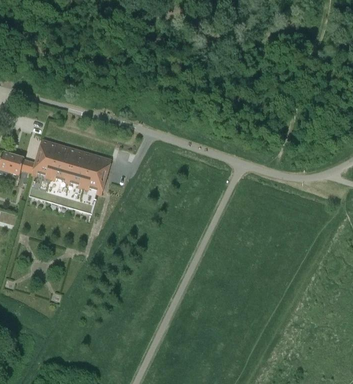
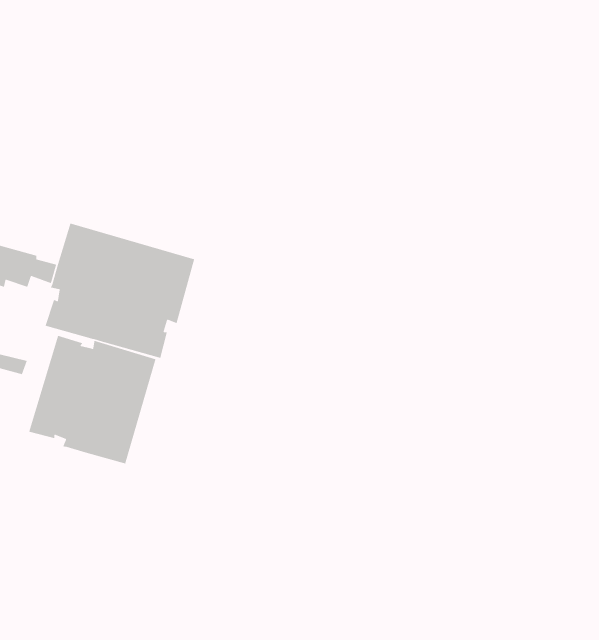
building: none -> [28,335,157,464]

